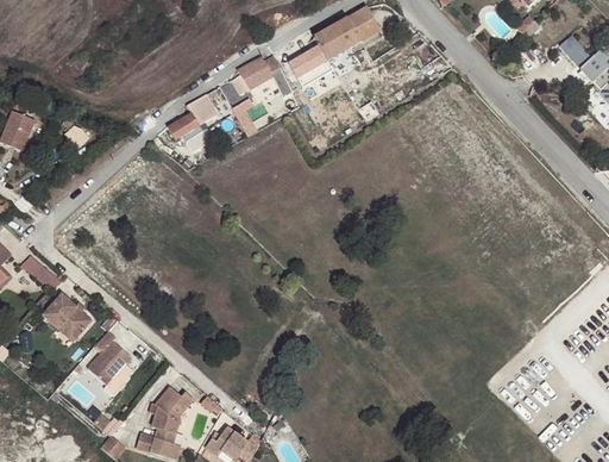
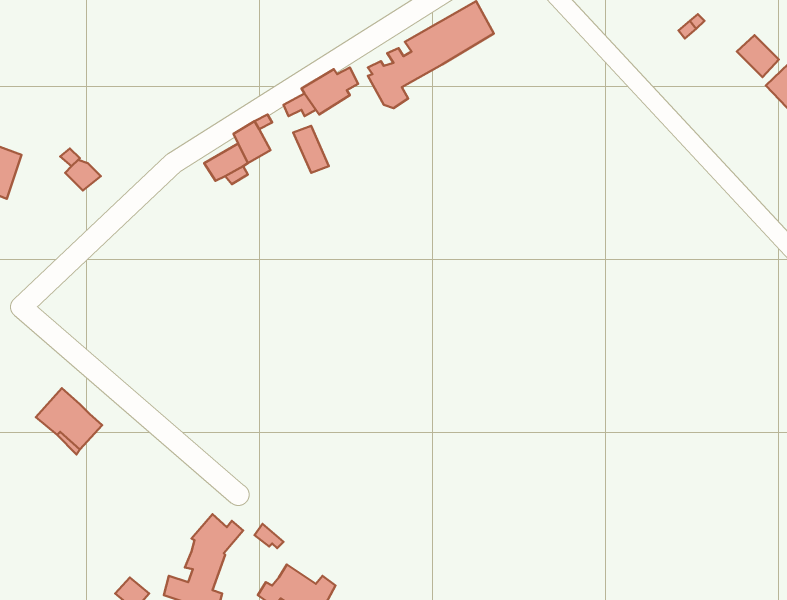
building: [23,255,65,287] -> none
building: [88,329,132,383] -> none

